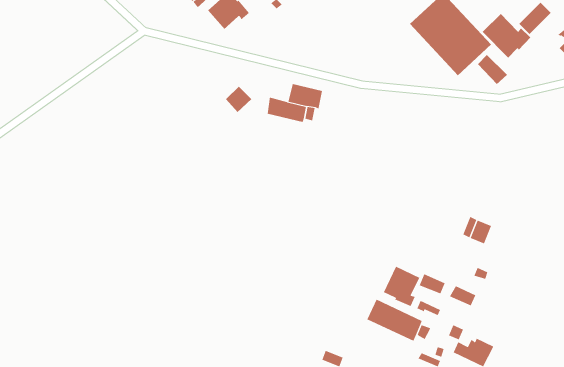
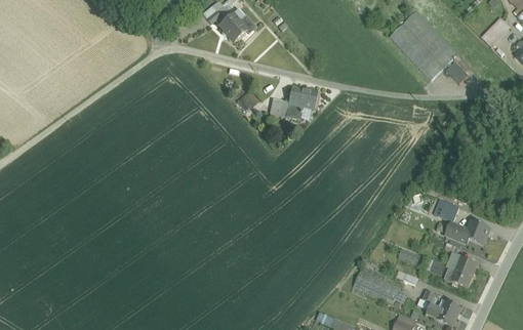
building: [482,13,531,58] -> none
building: none -> [447,220,490,244]
building: [383,266,420,307] -> none
building: none -> [444,255,478,288]

